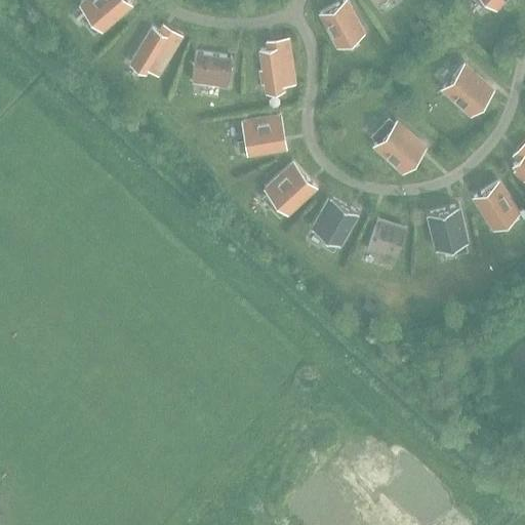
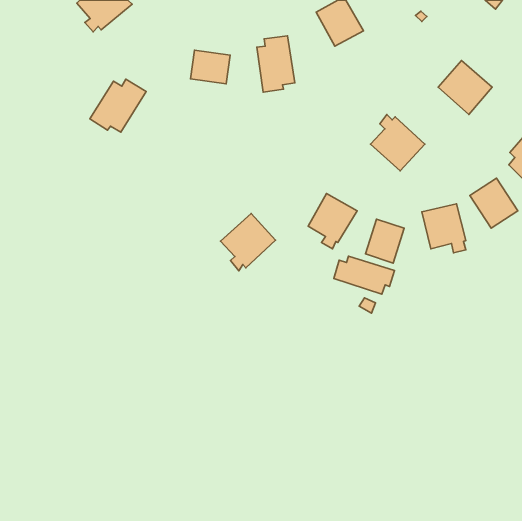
building: [127,24,184,77] -> [90,79,146,132]
building: [237,114,287,156] -> none
building: [262,161,318,218] -> [220,213,276,271]
building: none -> [334,256,395,294]

